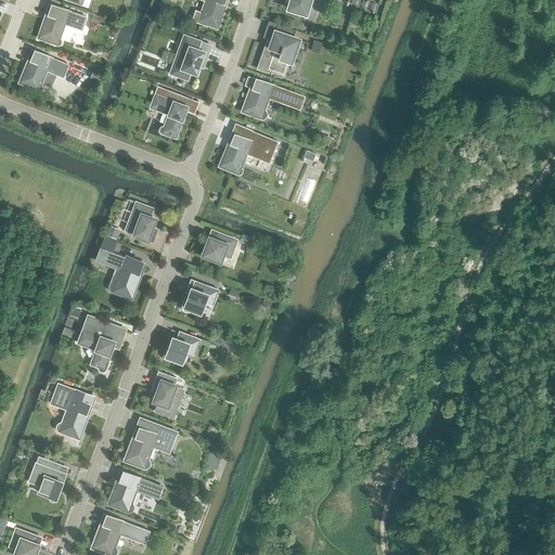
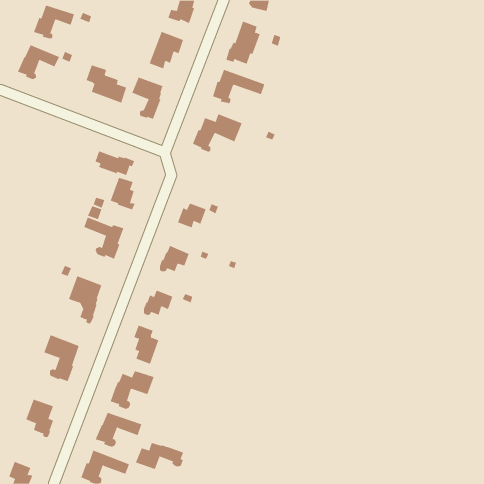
building: none -> [86,64,127,103]
building: none -> [95,150,135,176]
building: none -> [135,442,184,470]

